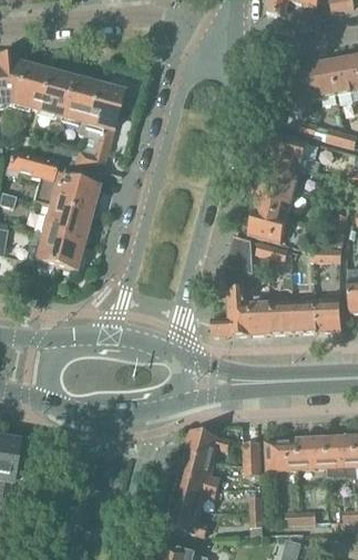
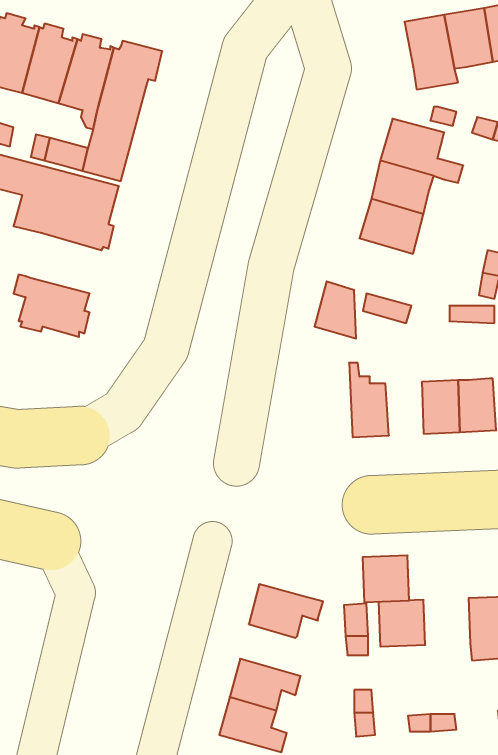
building: [44,204,90,242] -> none
building: [248,207,289,242] -> none
building: [212,287,250,336] -> none
building: [272,299,296,333] -> none
building: [296,437,326,467] -> [363,555,409,602]
building: [178,454,221,487] -> none

